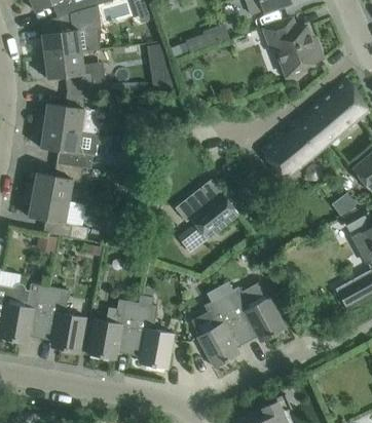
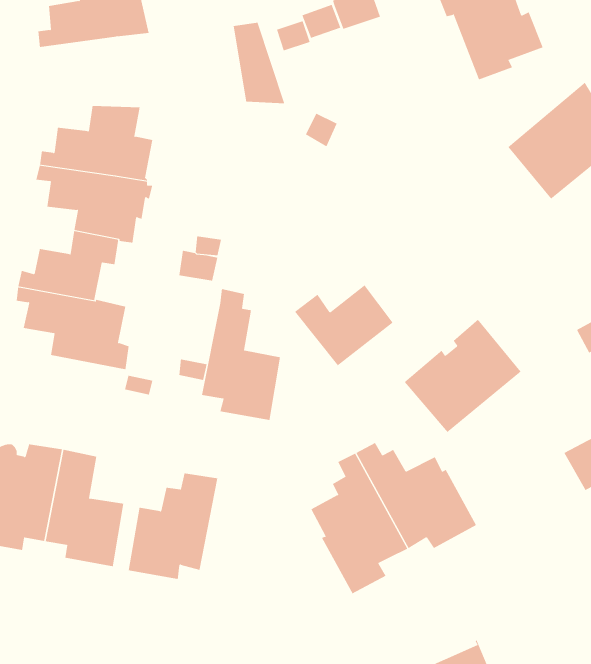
building: [36,52,105,92] -> none
building: [260,115,327,180] -> [404,319,521,433]
building: [127,295,173,370] -> [201,289,281,421]

